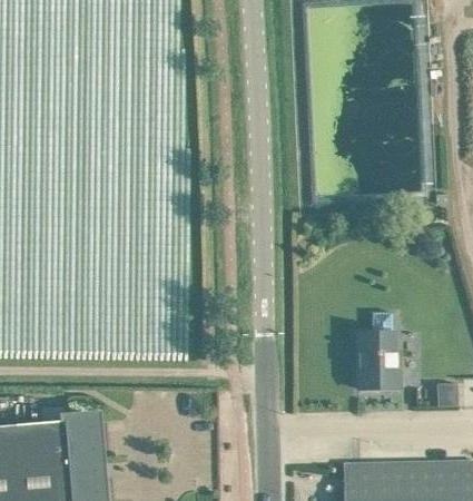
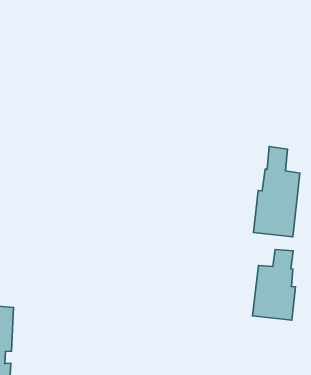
building: none -> [253,146,300,237]

